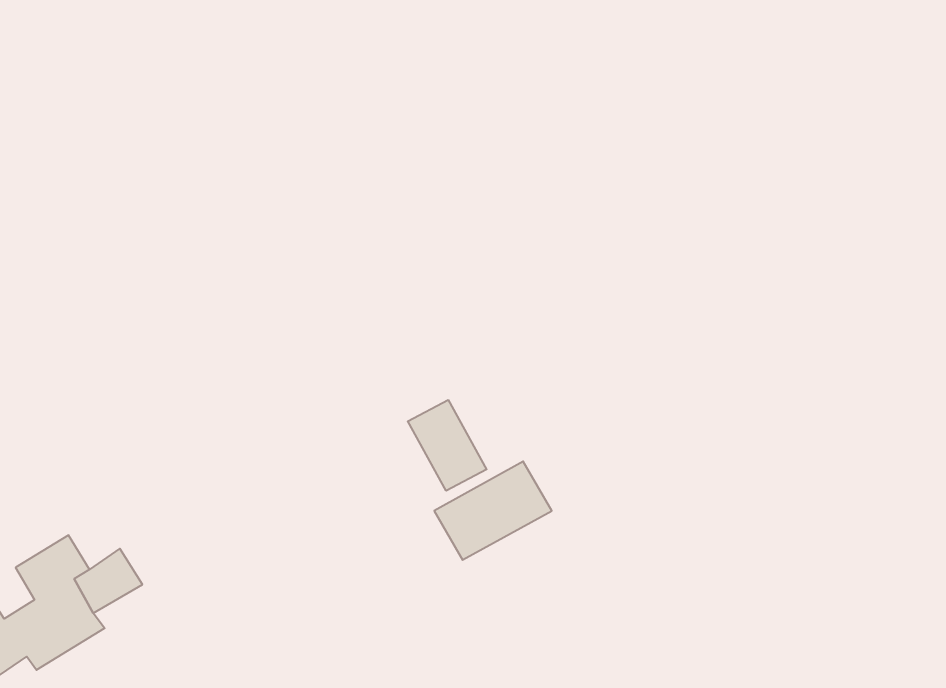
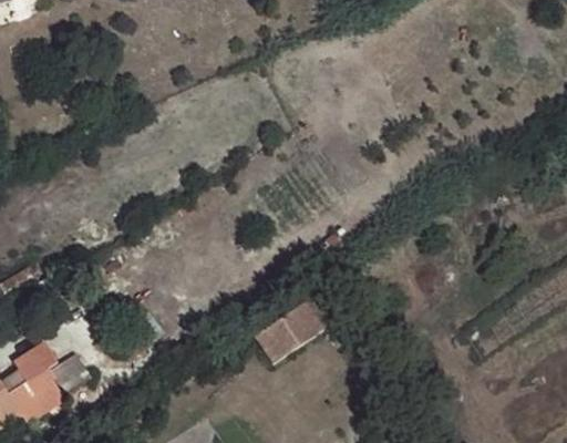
building: [408,400,487,491] -> none

